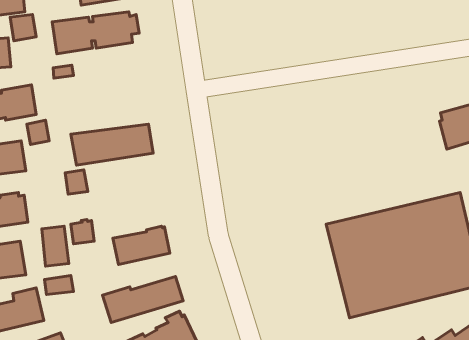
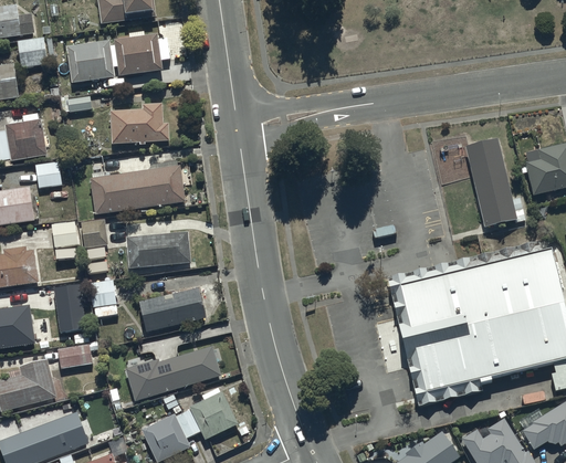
building: none -> [111,103,169,144]
building: none -> [451,130,506,220]
building: none -> [52,221,78,248]
building: none -> [126,231,191,269]

